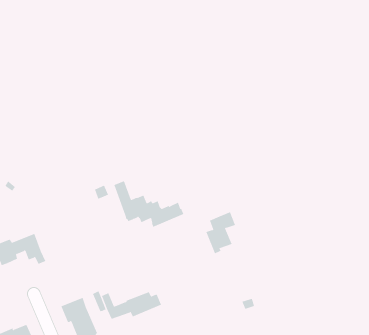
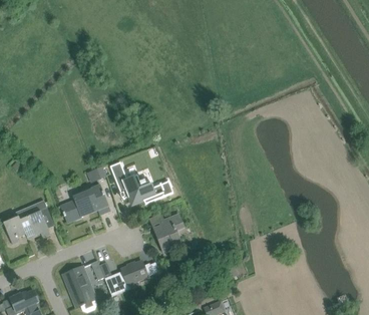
building: none -> [60,185,108,222]
building: [206,212,236,254] -> [155,214,182,252]

